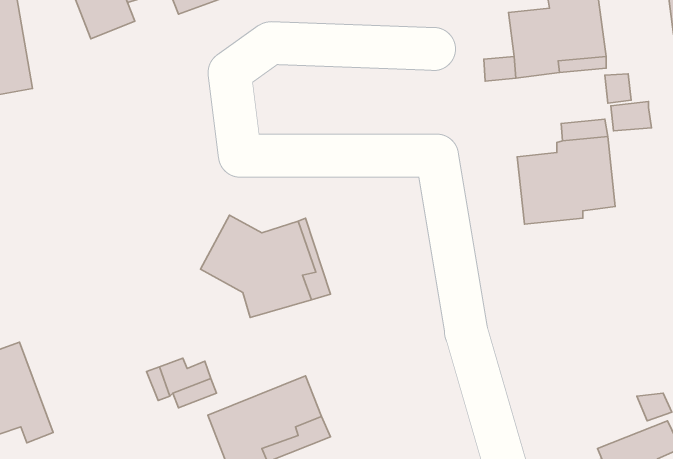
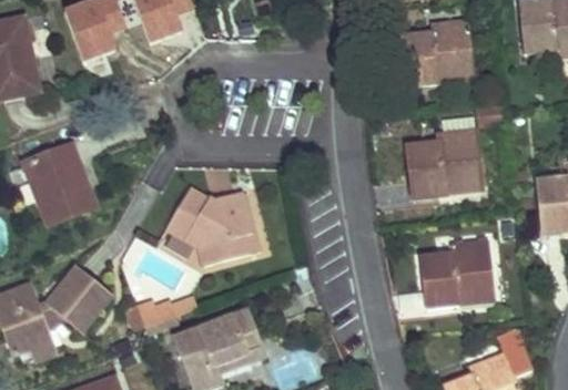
building: none -> [23,146,97,226]
building: none -> [419,239,495,306]
building: none -> [48,269,109,331]

